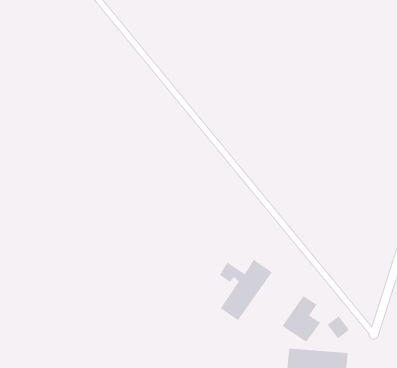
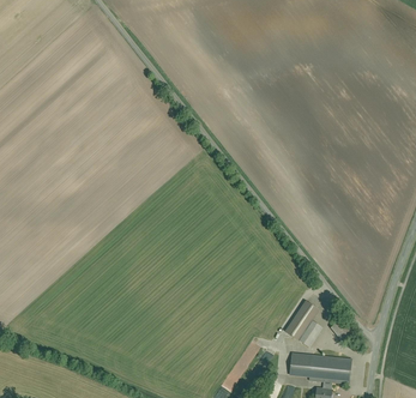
building: [219,259,273,321] -> none

